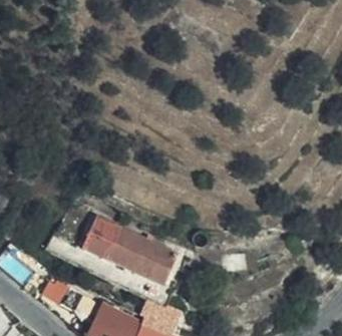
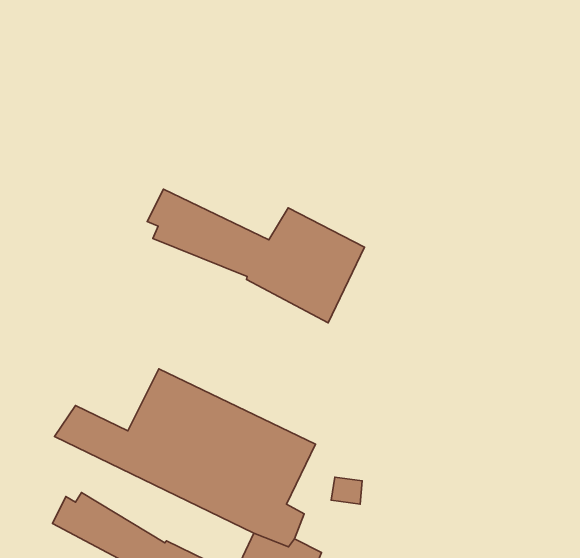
building: none -> [147,189,364,323]

